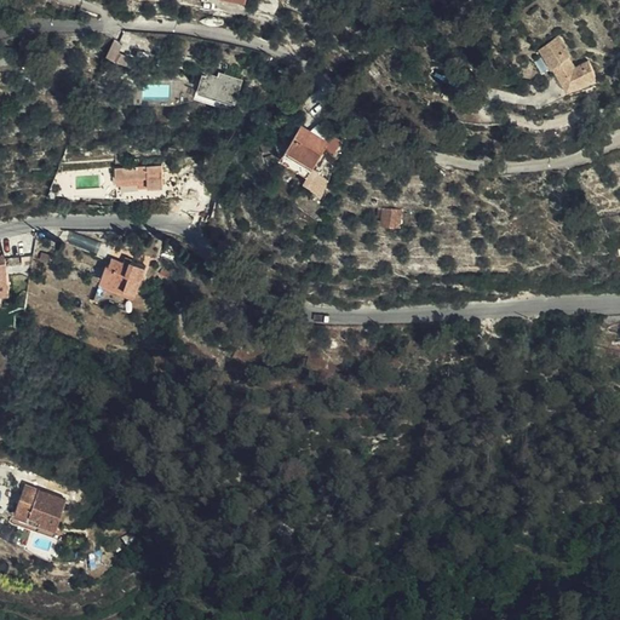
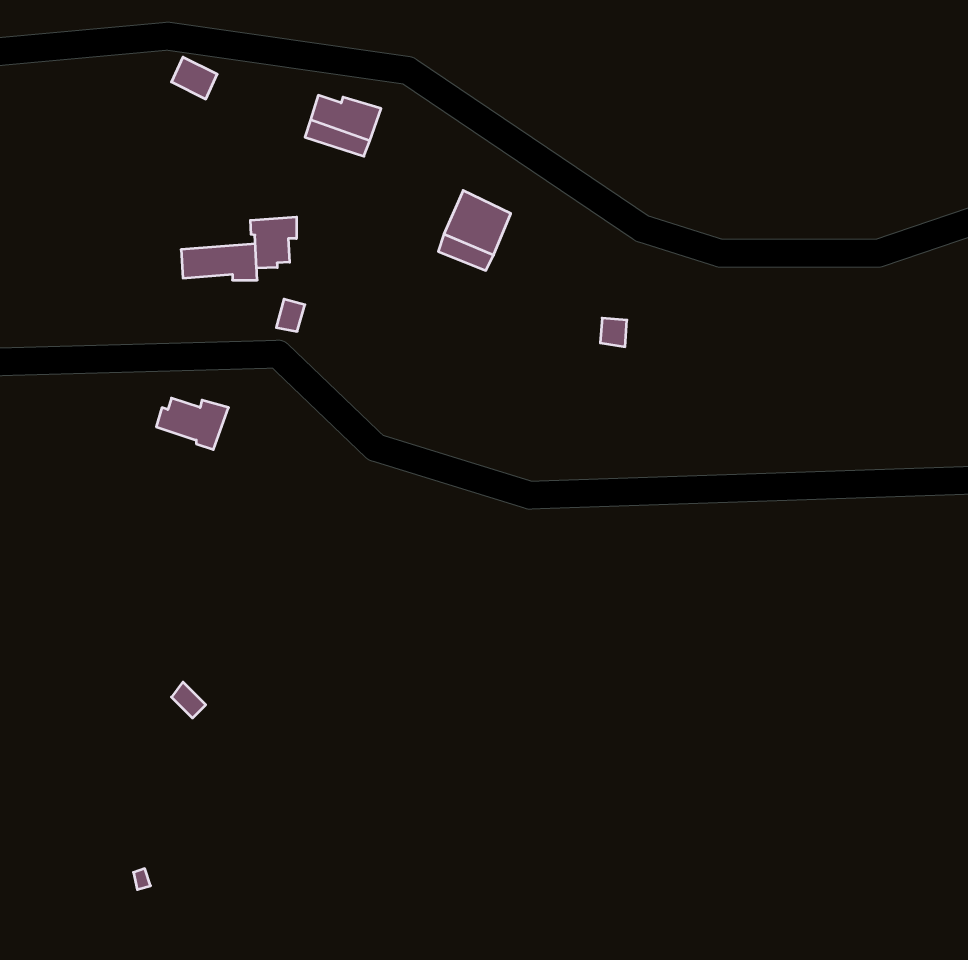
building: [533,40,590,93] -> none
building: none -> [250,217,297,268]
building: [11,490,62,532] -> none

